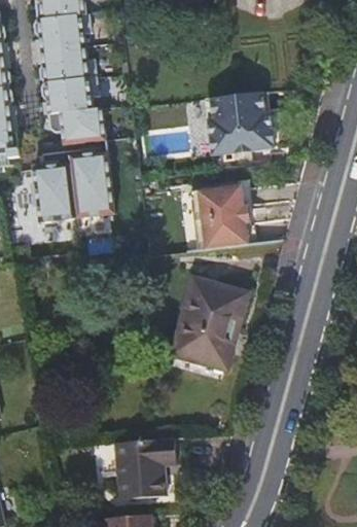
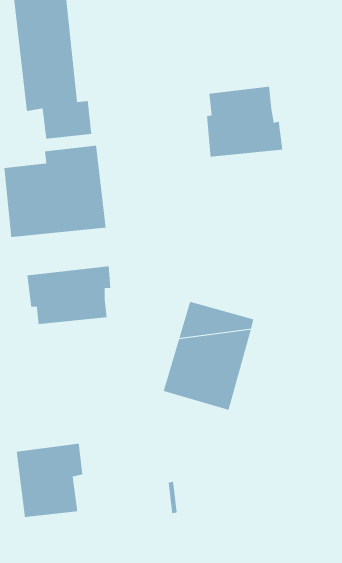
building: [188,185,246,251] -> none
building: none -> [27,265,111,325]
building: [114,433,172,497] -> [16,443,83,518]

